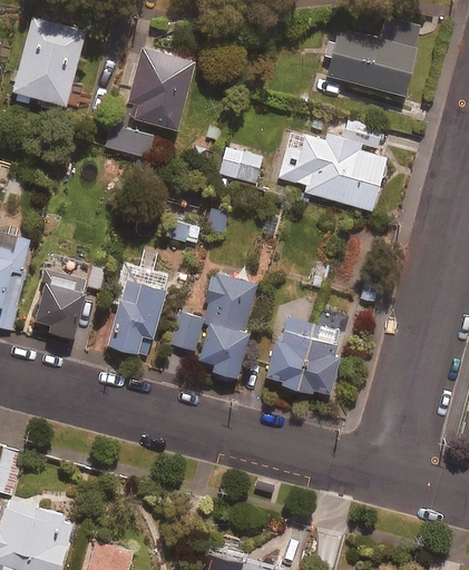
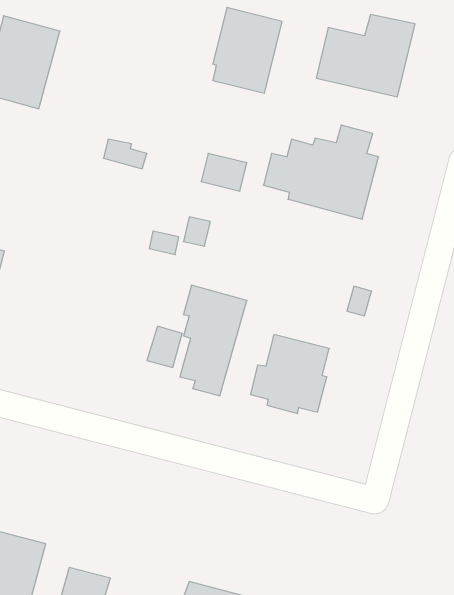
building: [129,49,195,130] -> [213,7,282,93]
building: [107,263,170,356] -> none
building: [36,272,86,337] -> none

